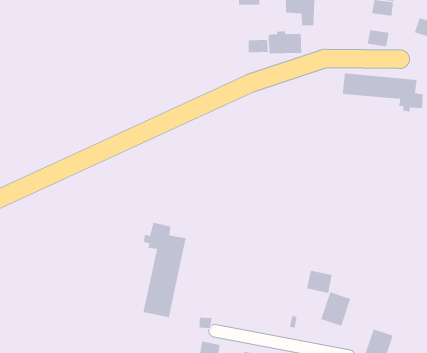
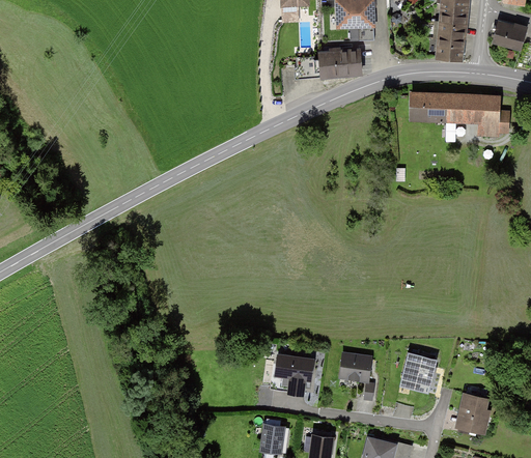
building: none -> [439,22,465,42]
building: [143,222,186,318] -> none
building: [306,270,333,294] -> [340,353,370,380]
building: none -> [274,354,313,394]

